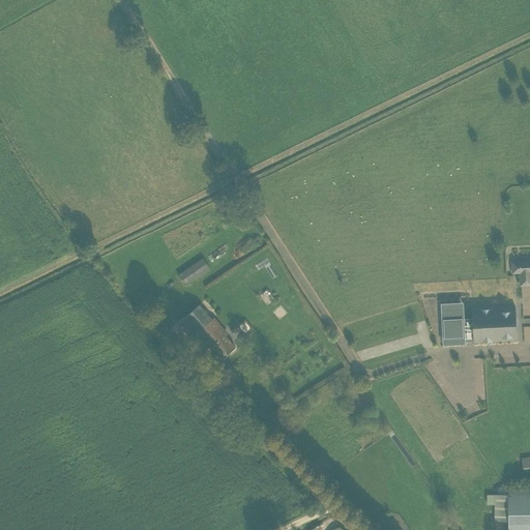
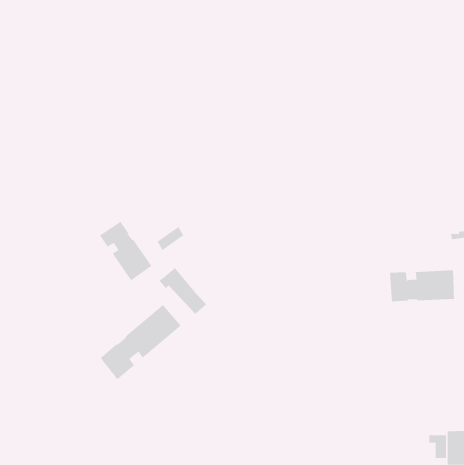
building: none -> [99,221,152,281]
building: none -> [100,304,181,380]

